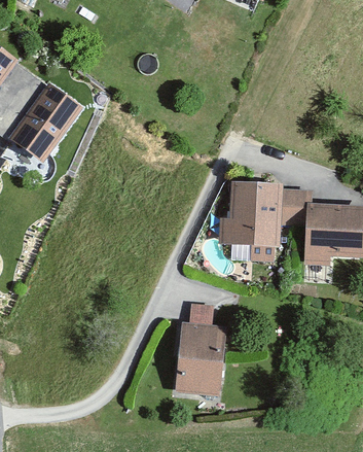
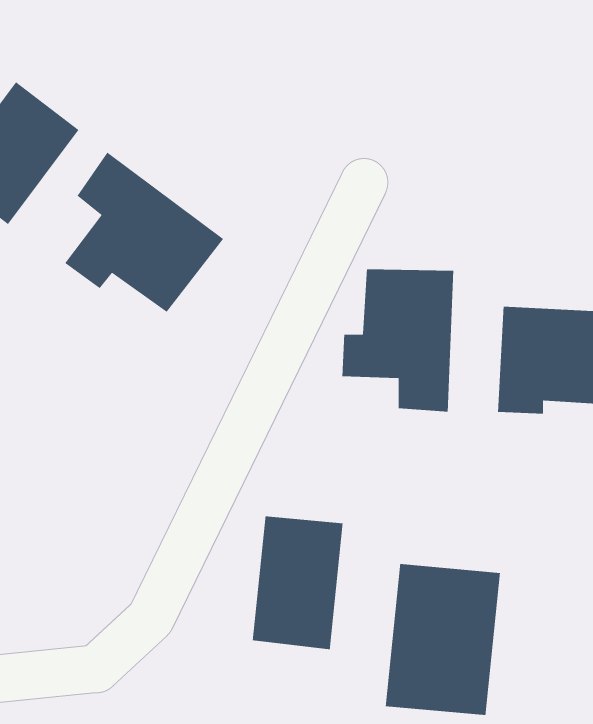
building: none -> [64,152,224,313]
building: none -> [385,563,501,716]

